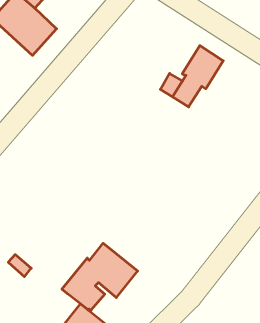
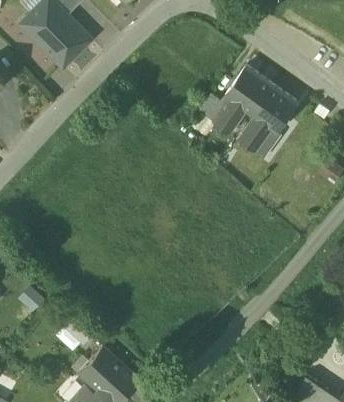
building: none -> [239,84,298,151]
building: [62,243,138,310] -> none

